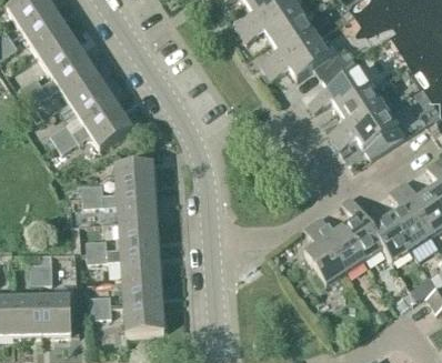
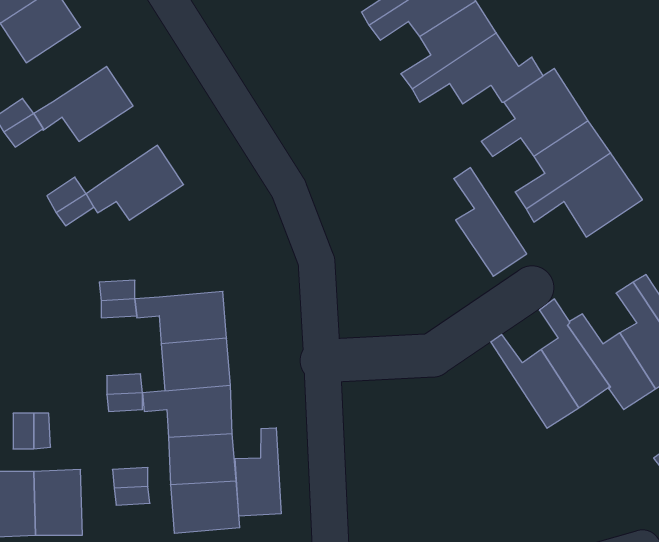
building: [39,33,87,78] -> none
building: [70,80,117,124] -> none
building: [115,162,155,193] -> none
building: [304,220,348,284] -> [454,168,527,276]
building: none -> [235,428,281,516]

